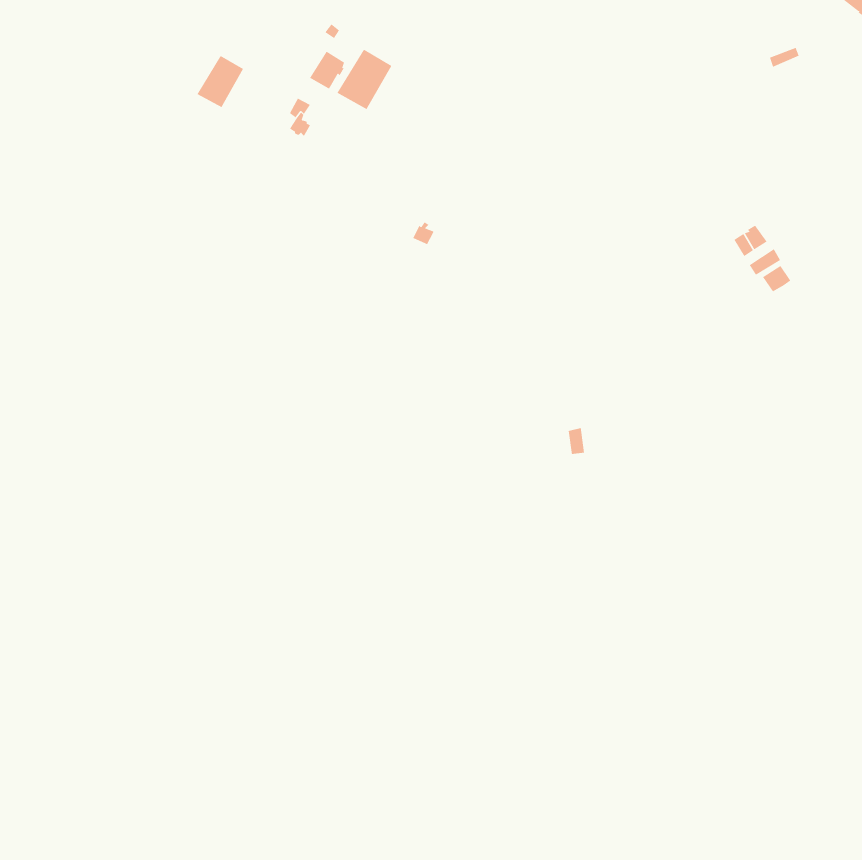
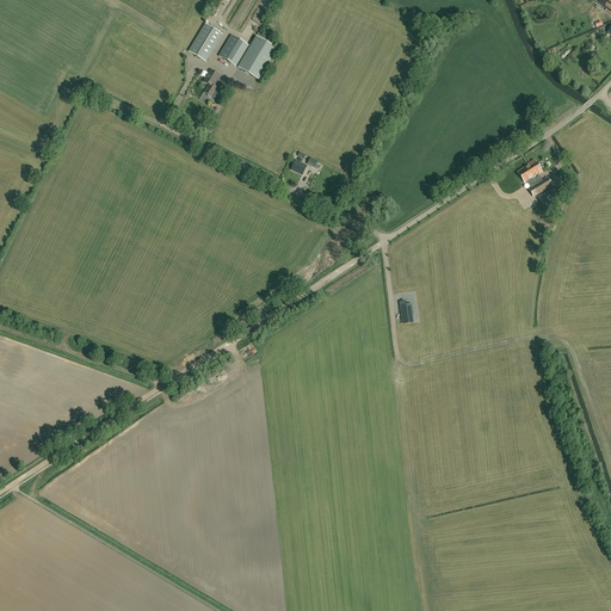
building: [196,55,244,108] -> [190,23,223,60]

